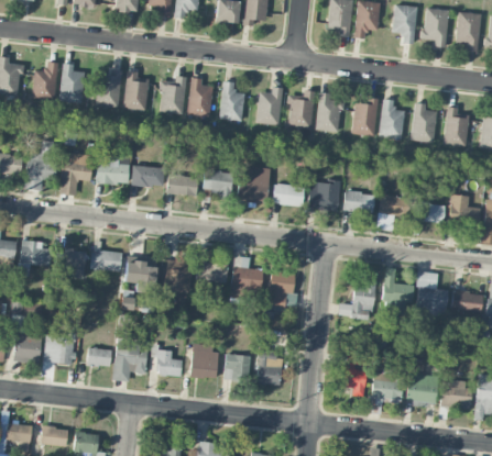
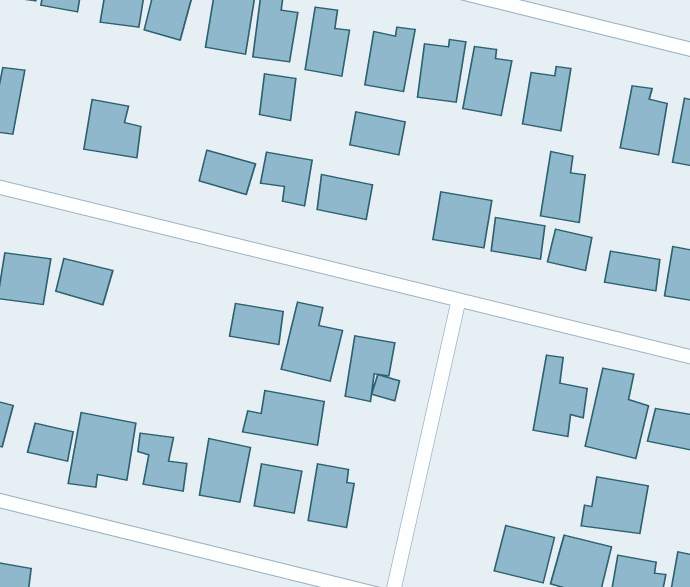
building: [381,99,404,138] -> [541,152,585,223]
building: none -> [259,74,296,120]
building: [61,152,94,194] -> none
building: [132,165,165,187] -> none
building: [273,183,304,205] -> [350,112,405,155]
building: [124,257,155,293] -> none
building: [161,259,193,291] -> none
building: [339,280,375,318] -> none
building: none -> [243,390,324,445]
building: none -> [581,477,648,534]
building: [343,353,367,397] -> none

